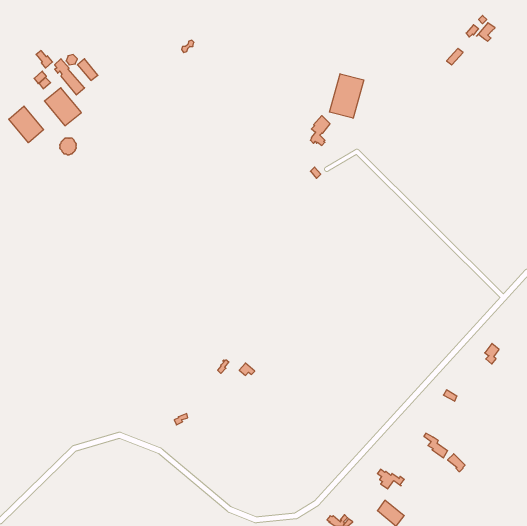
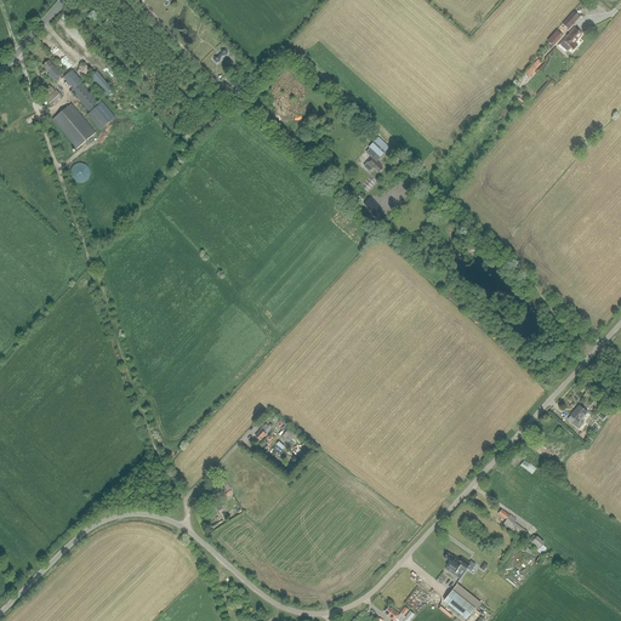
building: [329,74,364,118] -> none
building: [9,106,44,143] -> none

